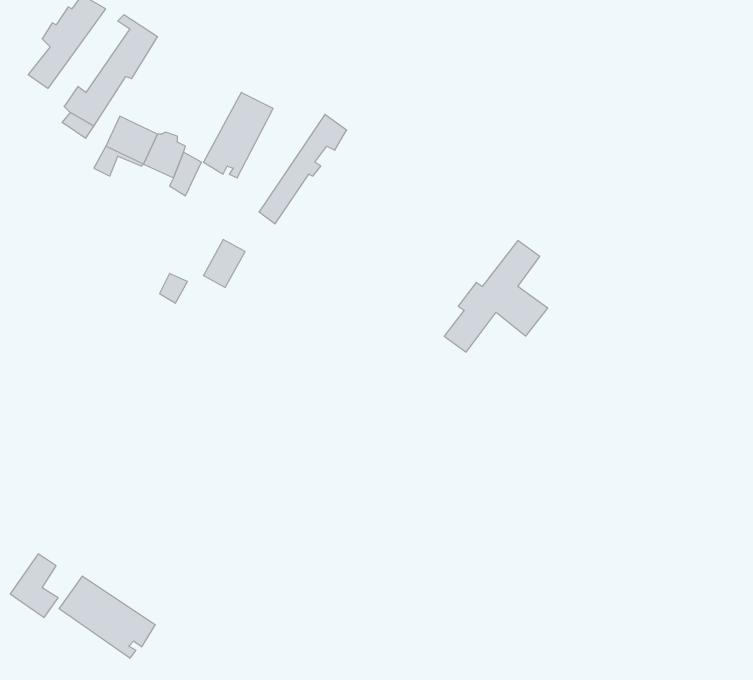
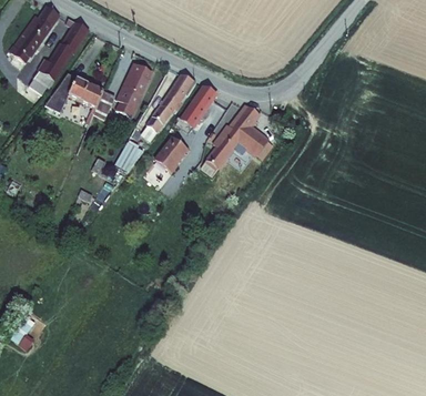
building: none -> [181,84,219,126]
building: none -> [154,135,186,171]
building: [444,241,548,352] -> [207,103,265,165]
building: [59,576,155,658] -> none

